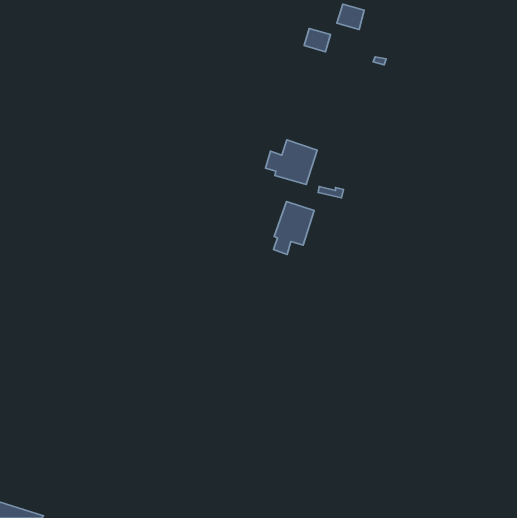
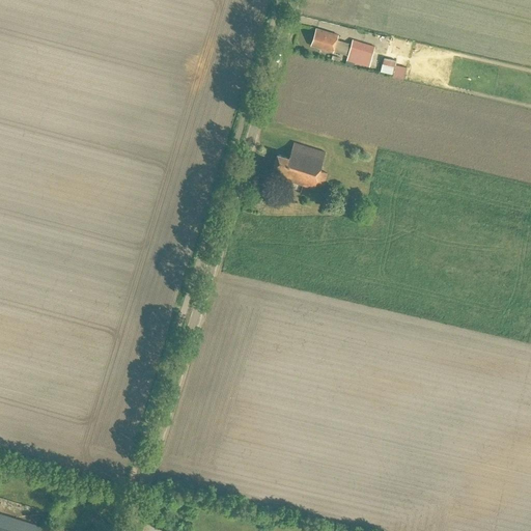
building: [337,4,364,29] -> [346,40,374,66]
building: [273,201,314,254] -> none

